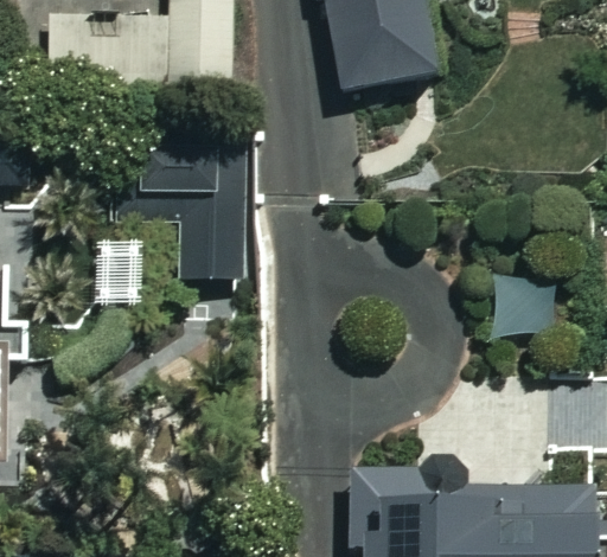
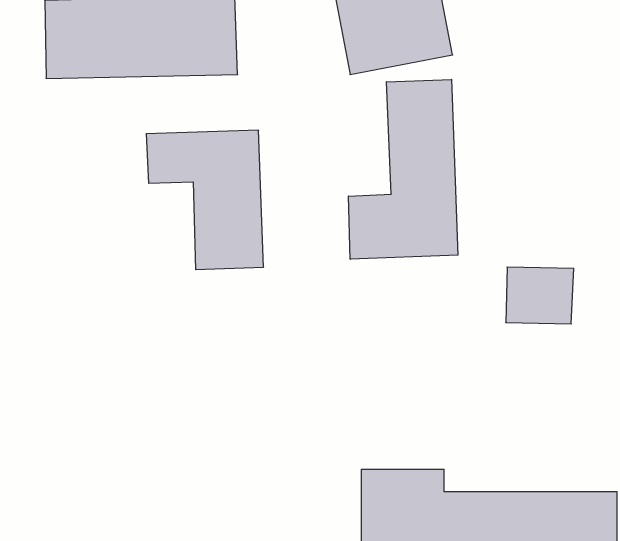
building: none -> [349,79,458,259]

